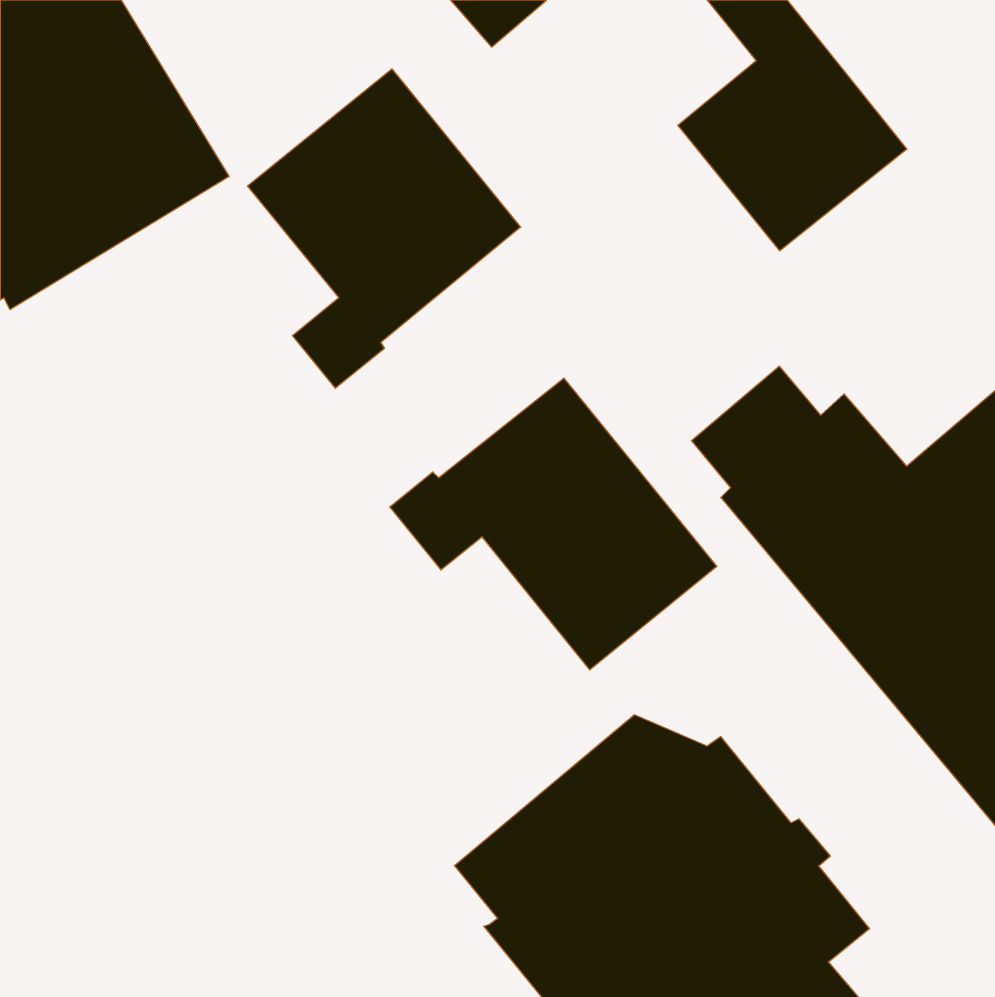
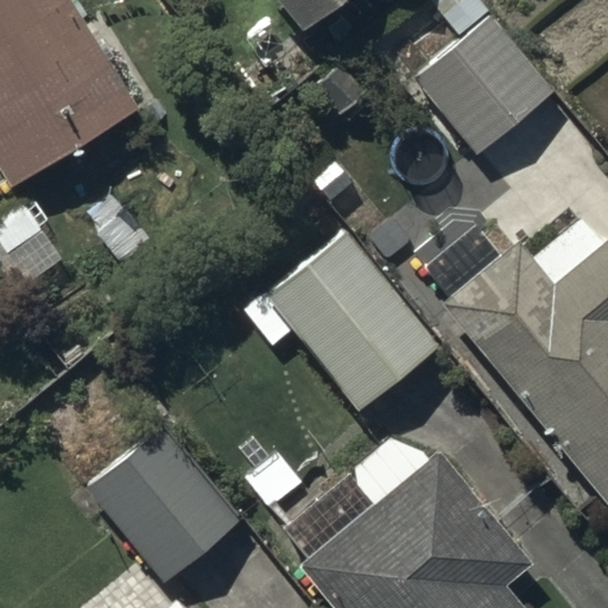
building: [248,69,521,388] -> none
building: none -> [86,428,239,583]

